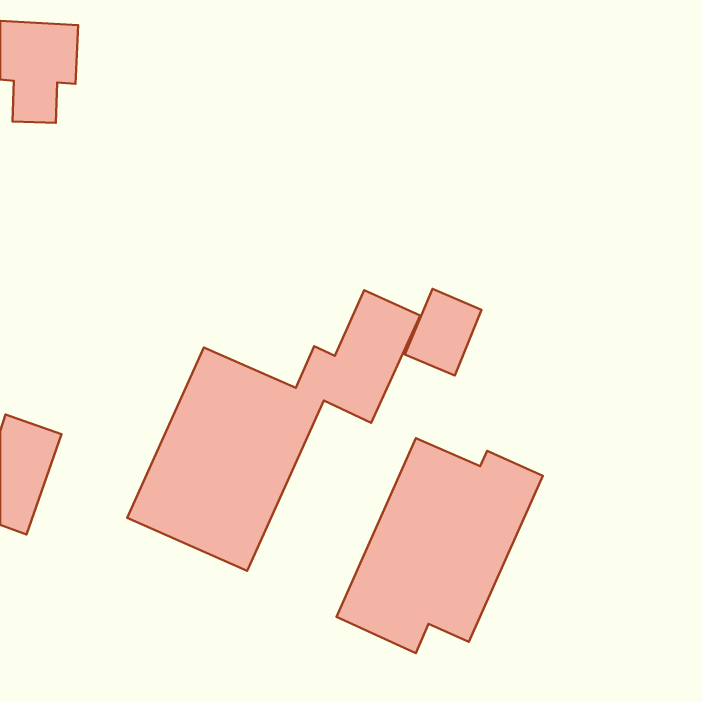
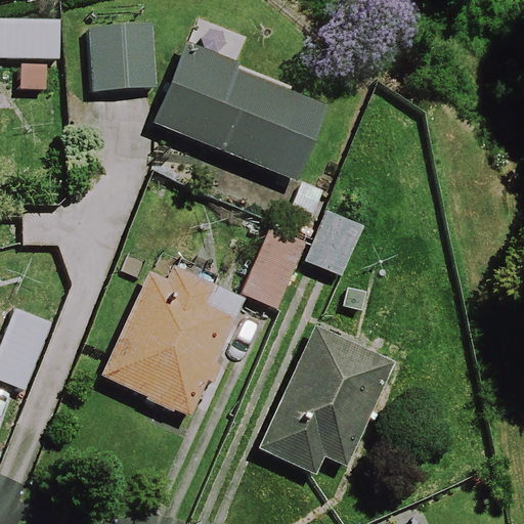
building: none -> [93,23,154,95]
building: none -> [152,45,306,173]

